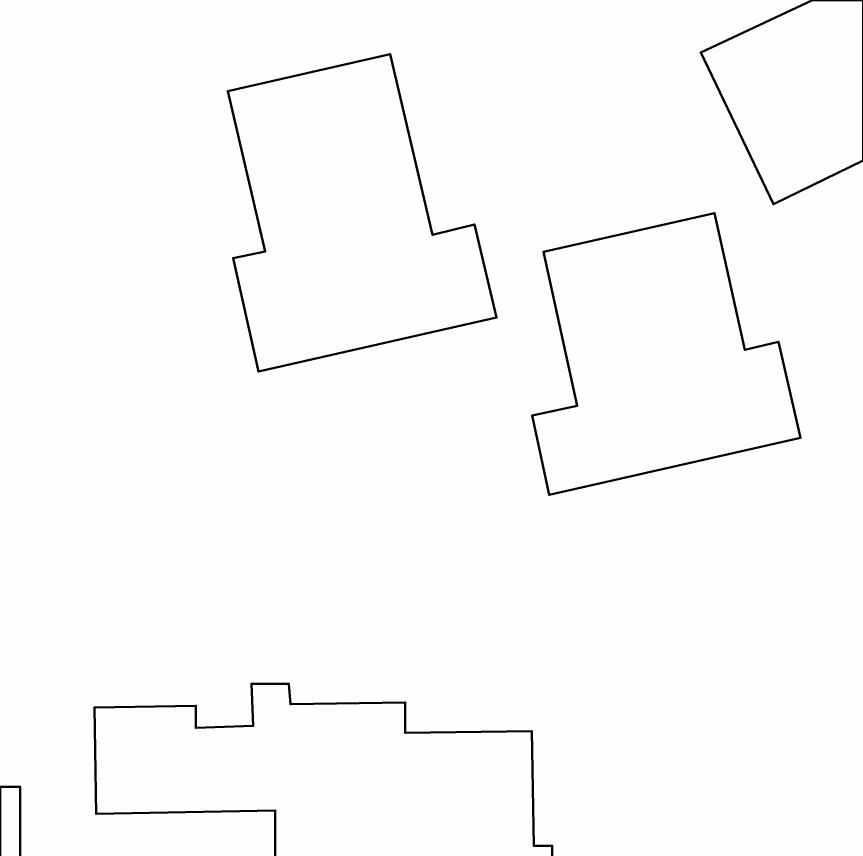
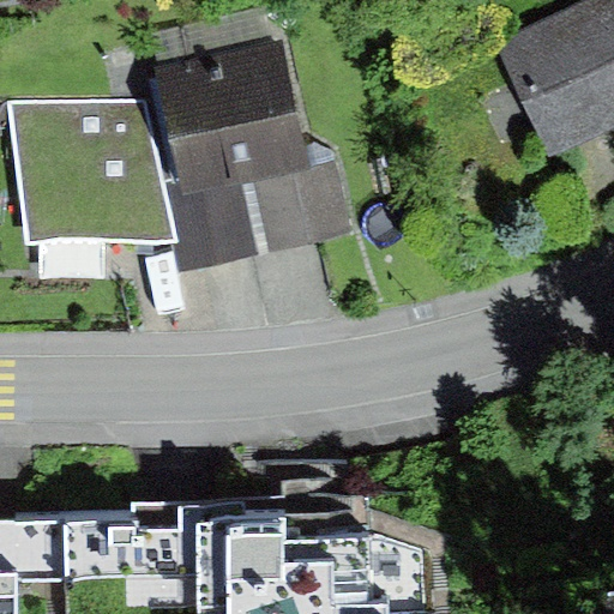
building: none -> [8,108,175,242]
building: [532,213,801,495] -> none

